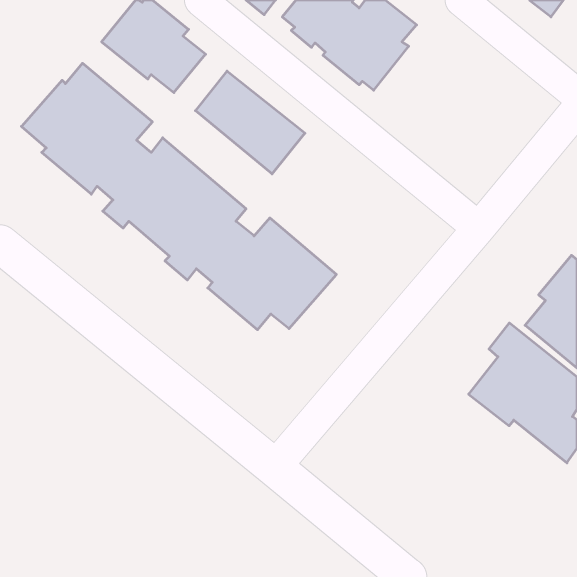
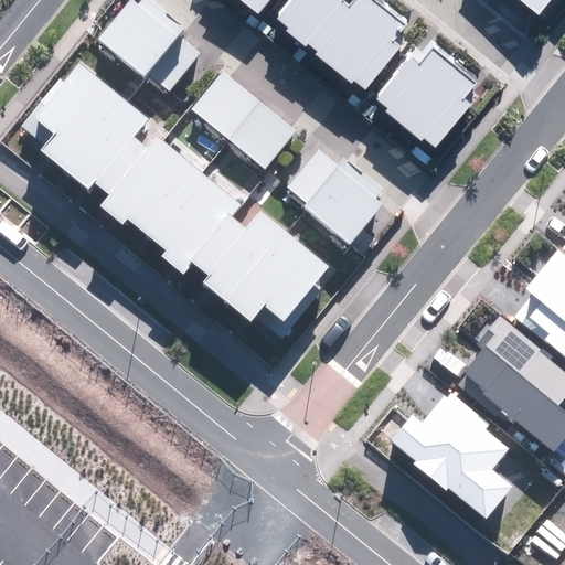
building: none -> [376,45,478,147]
building: none -> [286,150,384,245]
building: none -> [392,391,513,519]

